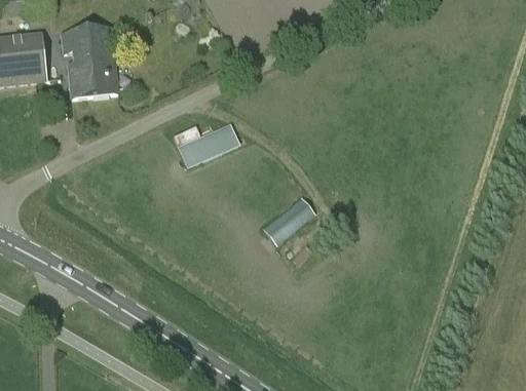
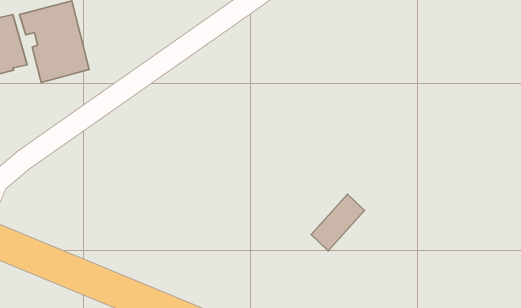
building: [179,125,236,164] -> none
building: [262,195,314,244] -> [311,194,364,251]

